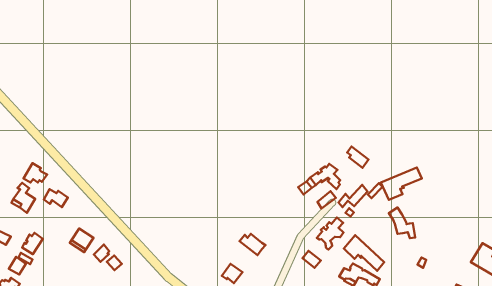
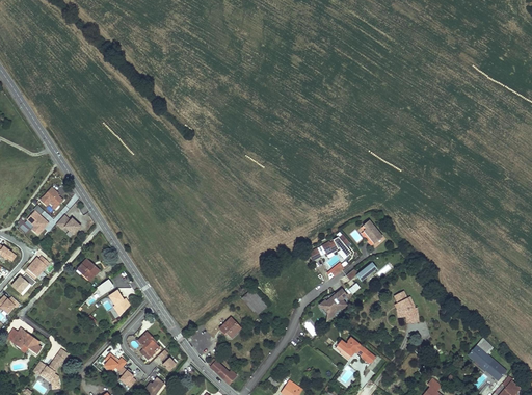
building: [381,168,422,200] -> none
building: [344,235,384,271] -> none

